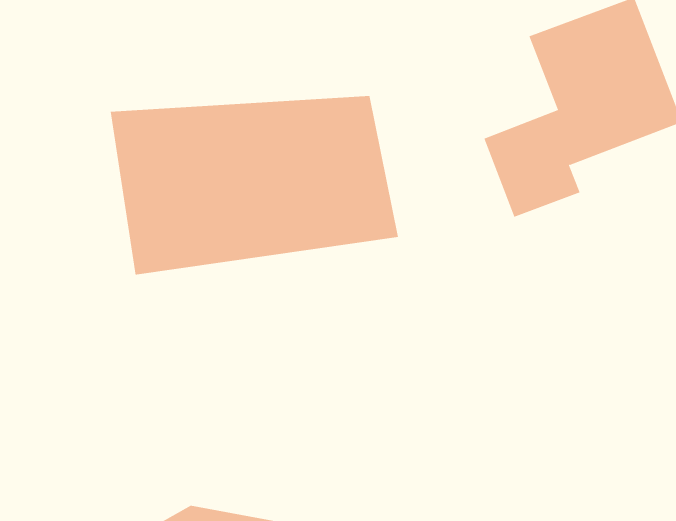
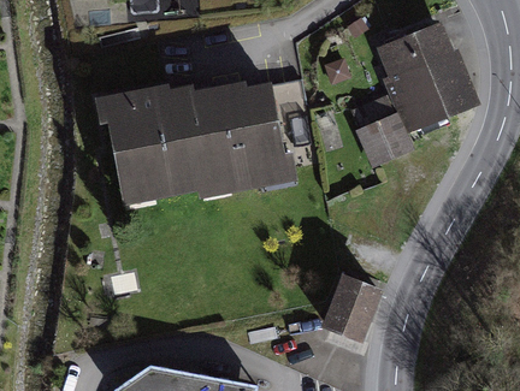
building: none -> [312,276,377,343]

